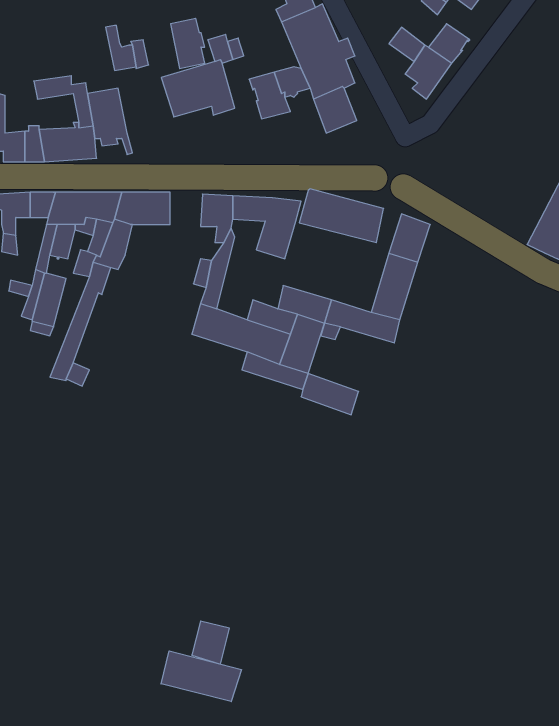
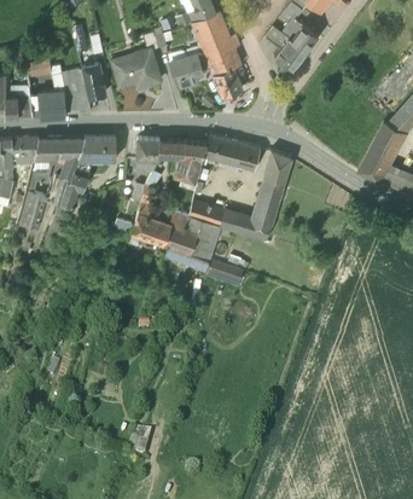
building: [171,18,205,69] -> [82,63,105,97]
building: [161,651,241,702] -> none

